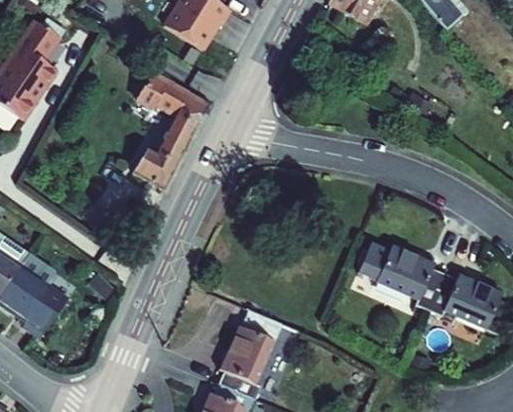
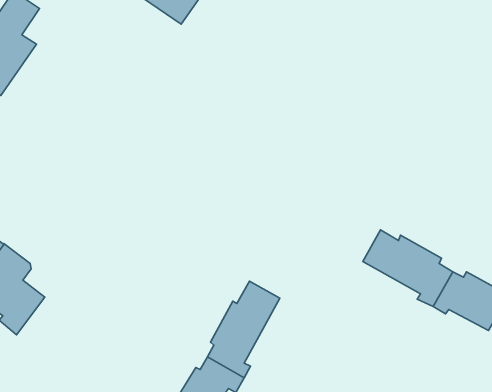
building: [134,75,206,192] -> none

